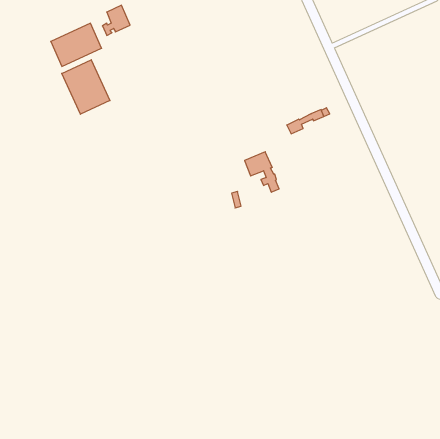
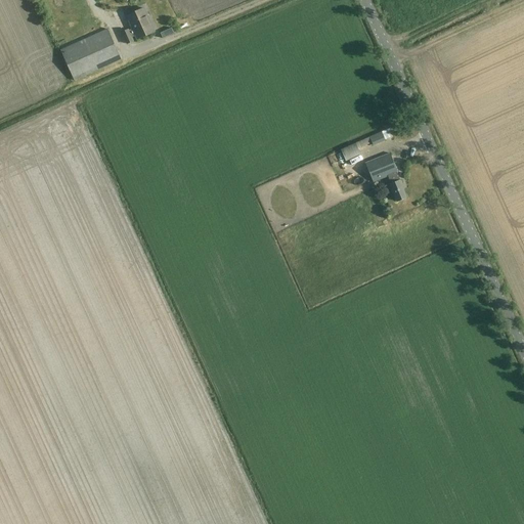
building: [62,60,110,114] -> none
building: [245,152,279,192] -> [365,151,406,200]

